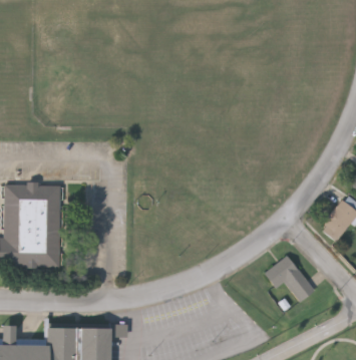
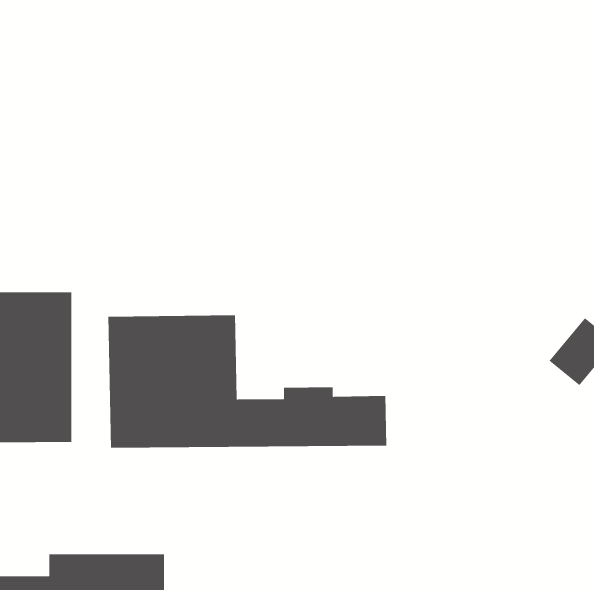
building: none -> [107,314,387,449]
building: [265,258,315,304] -> none

